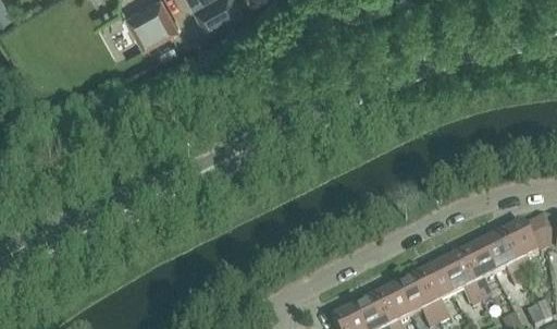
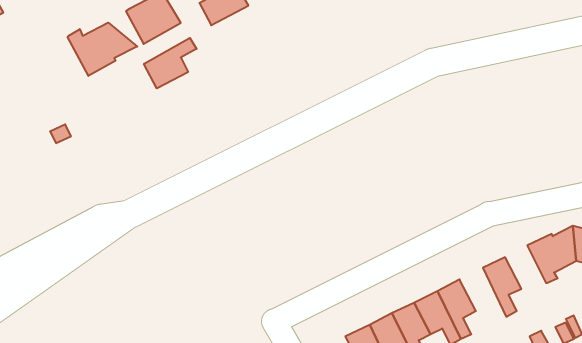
building: none -> [68,23,137,76]
building: none -> [144,38,197,88]
building: [479,231,523,281] -> none
building: [436,252,480,302] -> none

